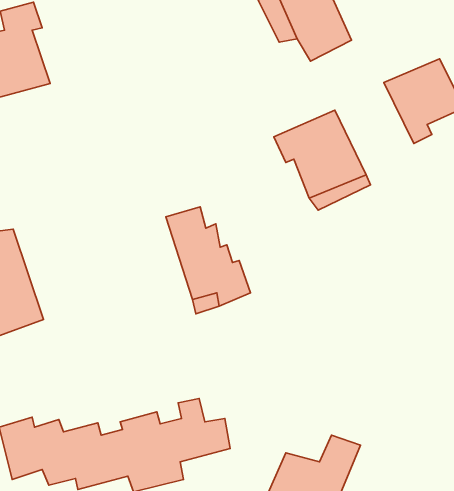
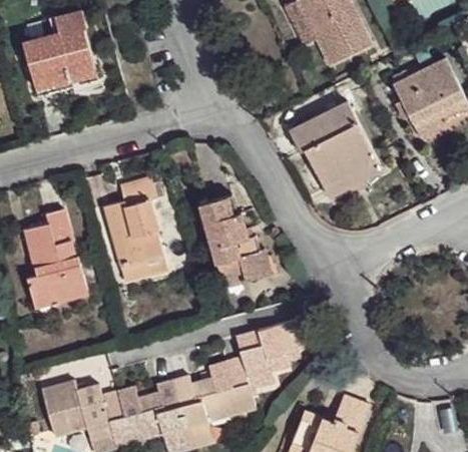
building: none -> [105,185,161,270]
building: none -> [226,318,303,385]

